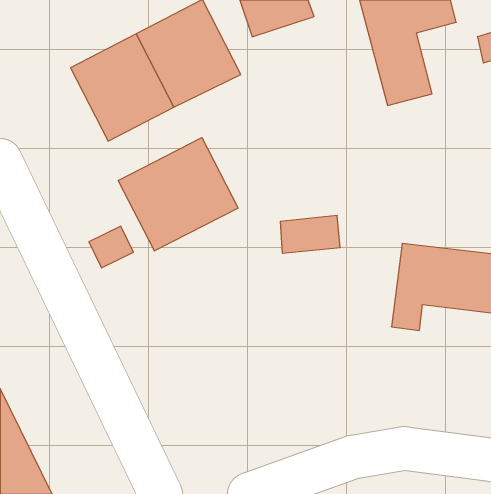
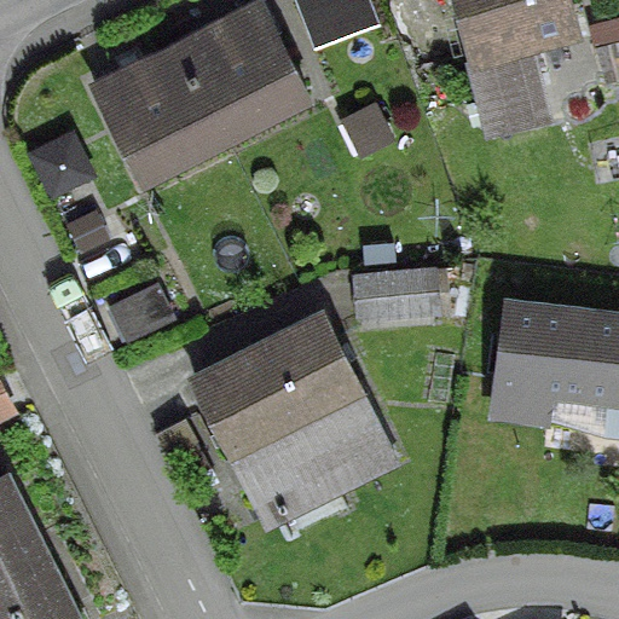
building: [118,138,238,251] -> none
building: none -> [192,316,393,504]

